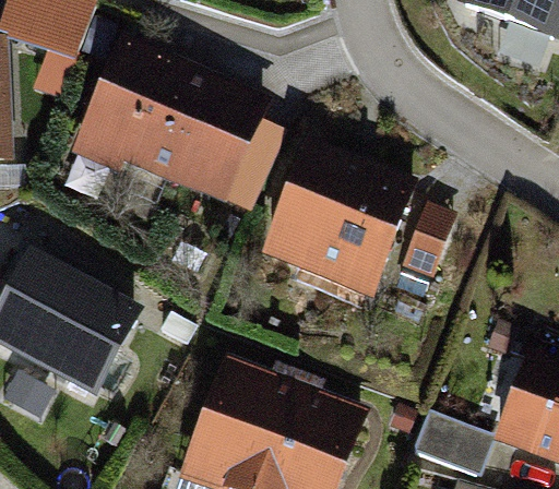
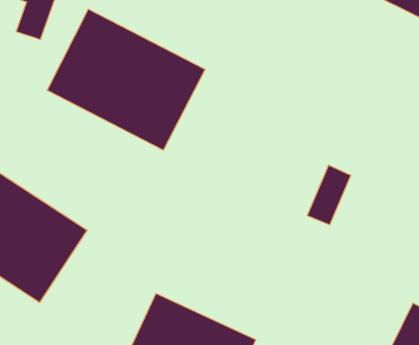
building: [275,148,412,285] -> none

